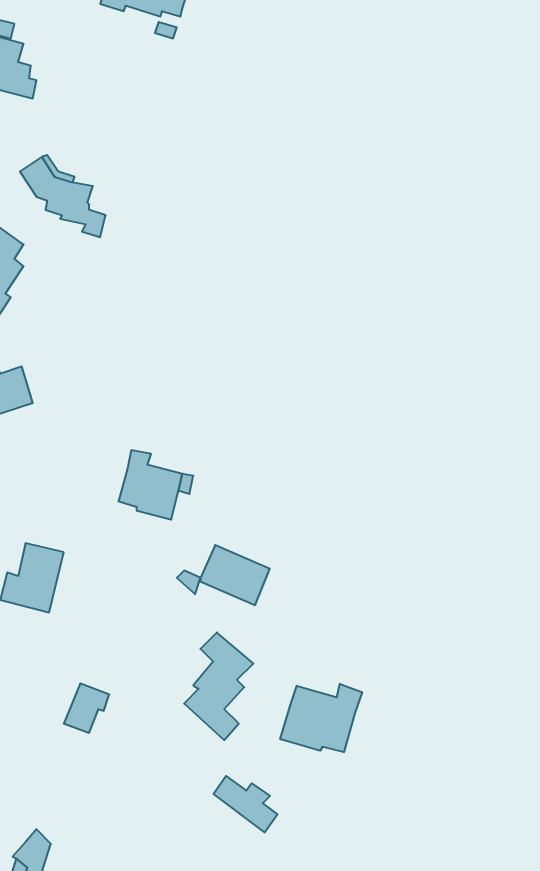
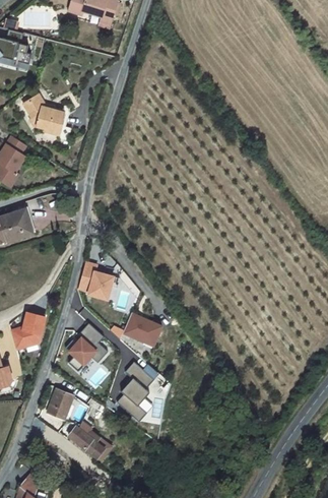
building: none -> [64,323,108,371]
building: [280,684,362,752] -> none
building: [214,776,277,832] -> [68,426,104,457]

